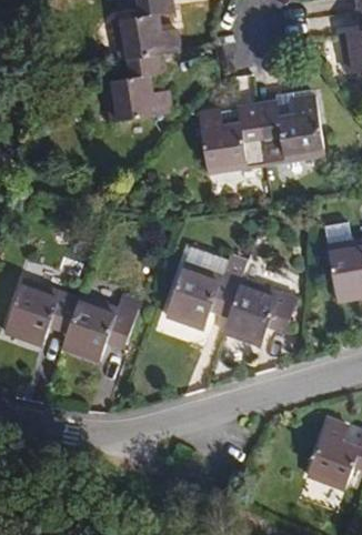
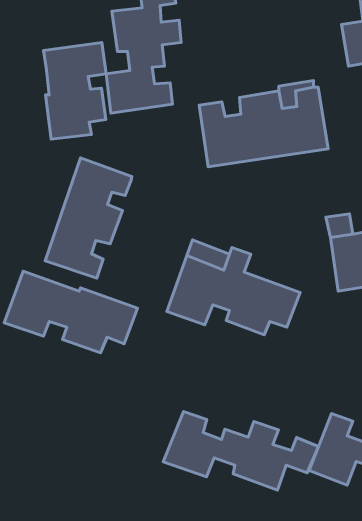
building: none -> [44,42,106,139]
building: none -> [45,158,132,278]
building: none -> [163,411,319,490]

